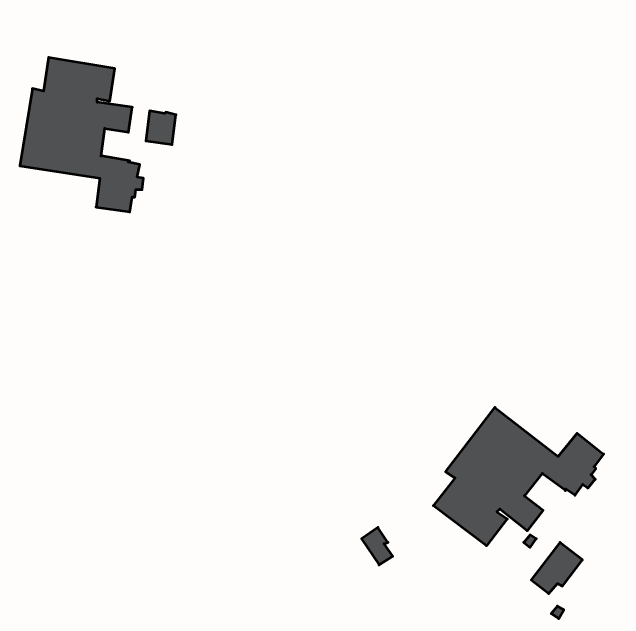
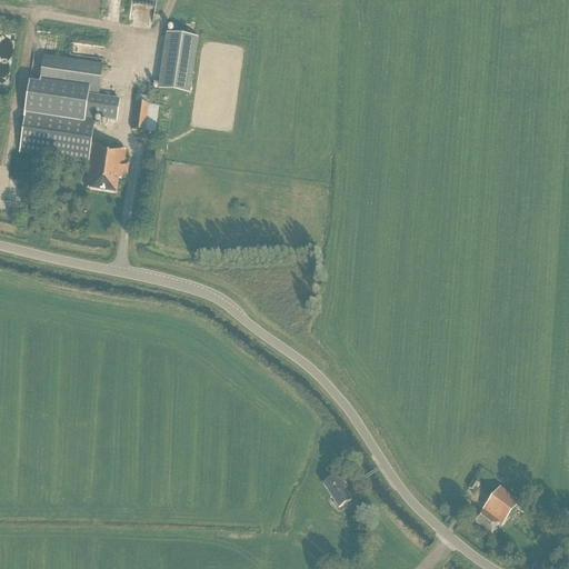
building: none -> [158,30,197,91]
building: [433,407,604,546] -> none

